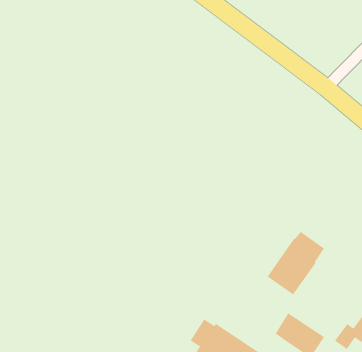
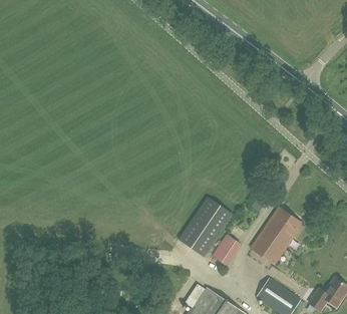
building: none -> [179,197,232,256]
building: none -> [210,234,240,267]

